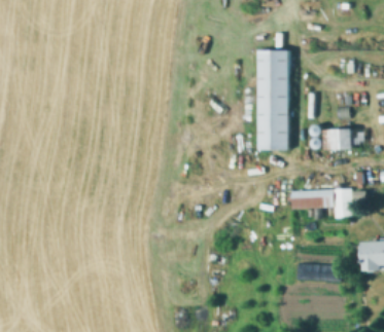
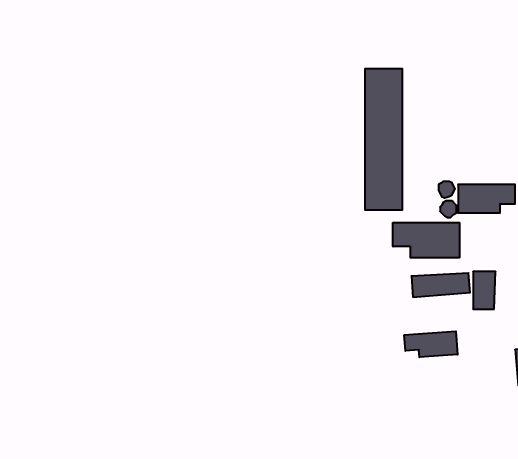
building: none -> [393,223,459,258]
building: none -> [404,331,458,357]

